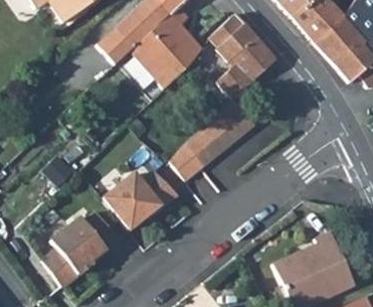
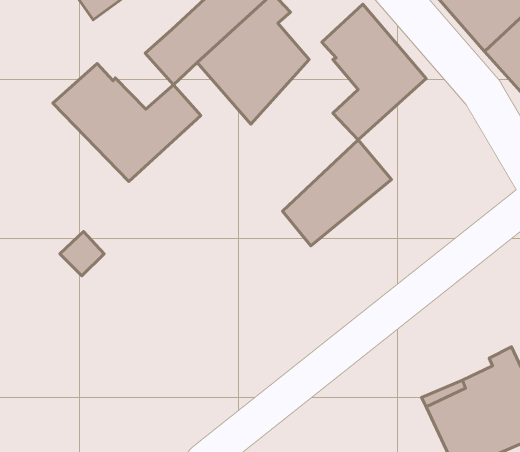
building: none -> [53,63,201,181]
building: [161,144,203,186] -> none
building: [105,172,176,228] -> none
building: [43,211,119,286] -> none

